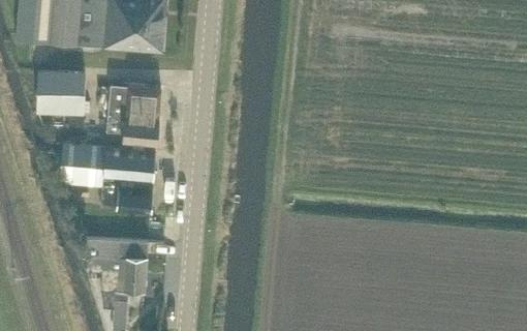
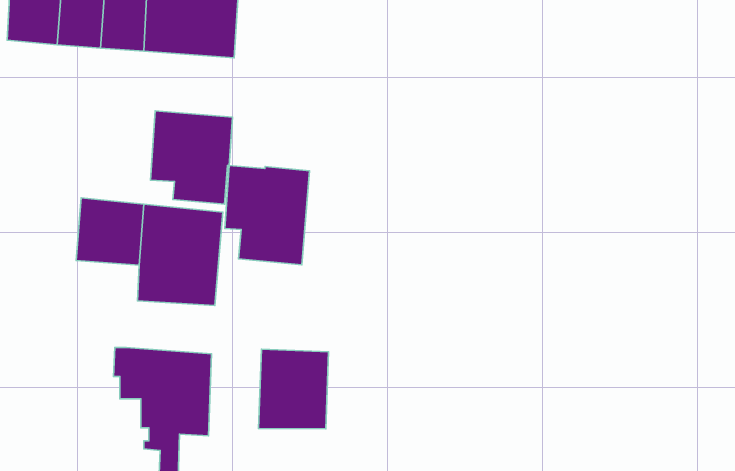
building: [37,70,85,111] -> none
building: none -> [225,166,309,265]
building: none -> [259,349,329,429]

